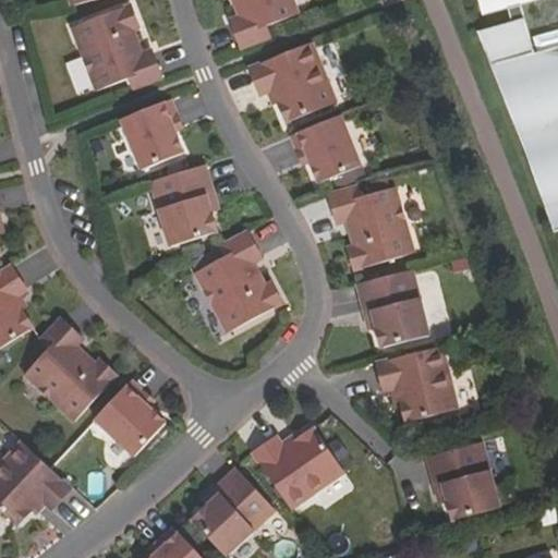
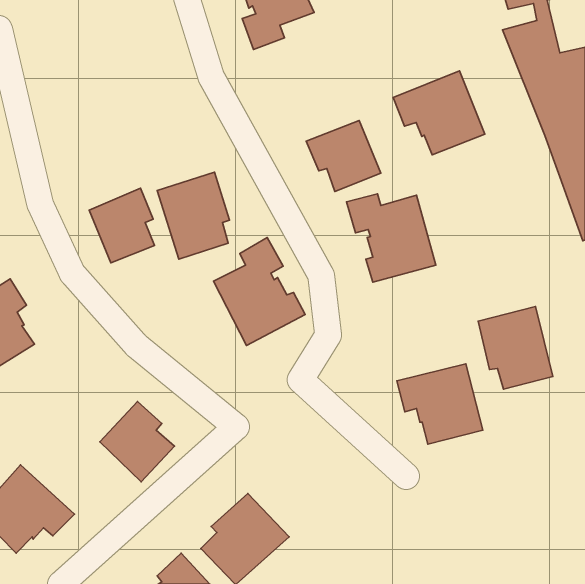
building: [71,4,161,90] -> none
building: [250,41,337,121] -> [393,71,485,155]
building: [121,99,183,170] -> [89,188,154,263]
building: [359,268,429,347] -> [478,306,553,389]
building: [23,318,117,421] -> none
building: [253,427,343,508] -> none
building: [425,441,498,520] -> none

